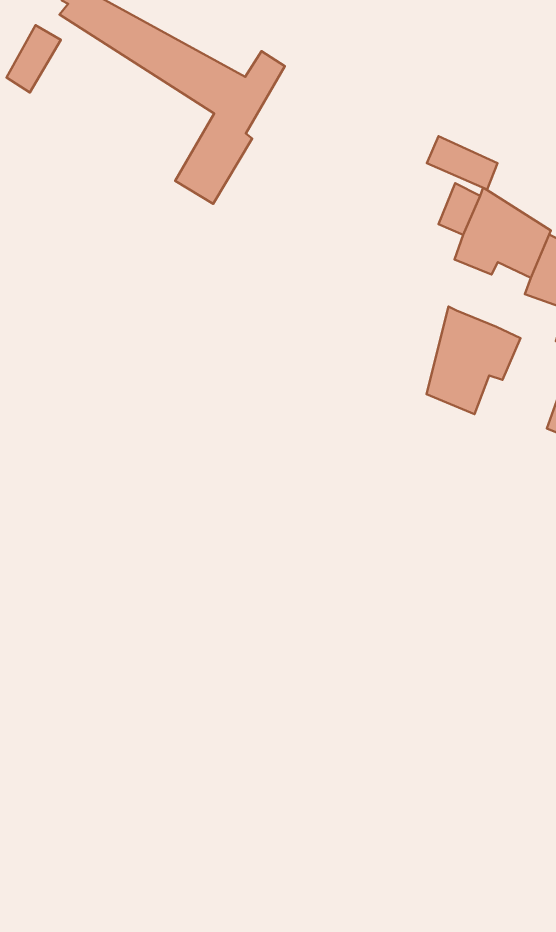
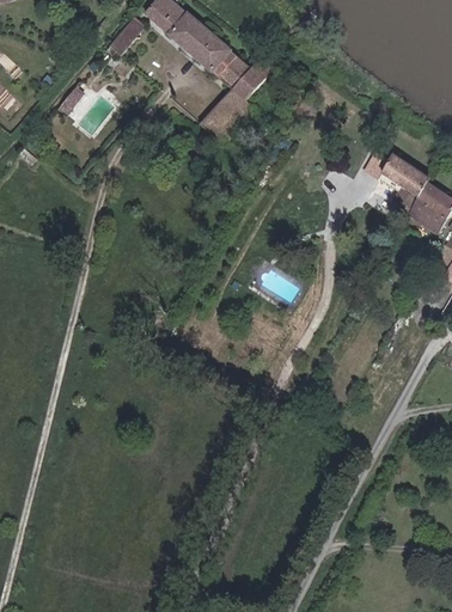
building: [427,136,497,189] -> none
building: [427,307,520,414] -> none

